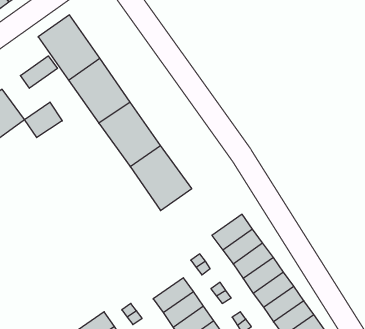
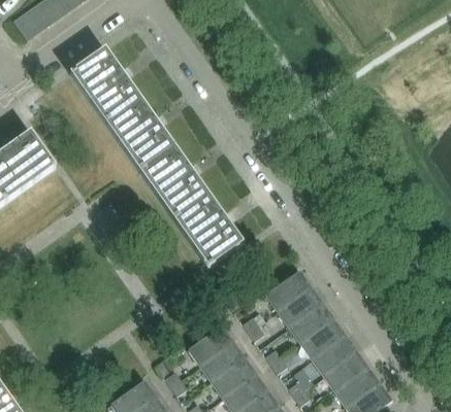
building: [20,56,57,88] -> none
building: [24,102,62,138] -> none
building: none -> [189,325,234,366]

